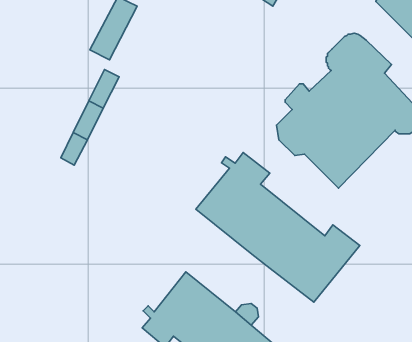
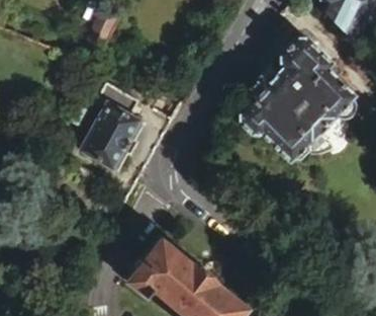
building: none -> [82,87,160,172]
building: [196,152,360,302] -> none

